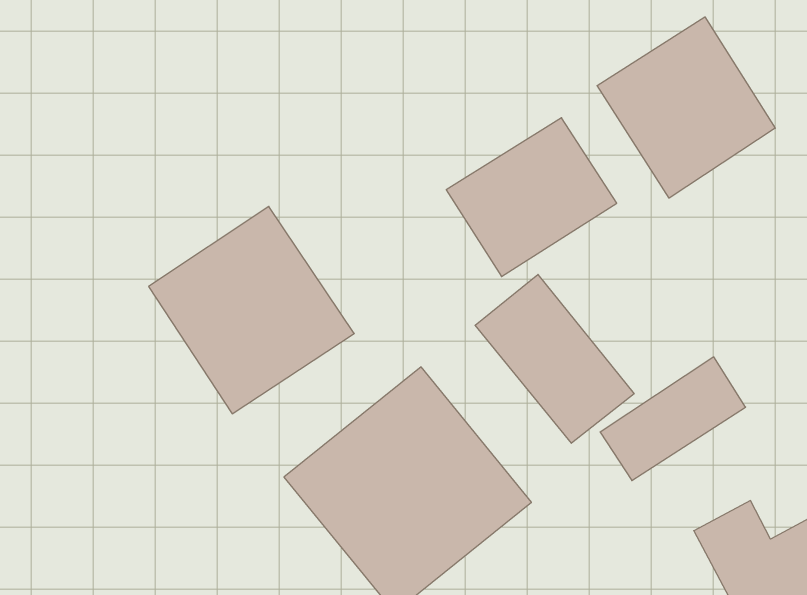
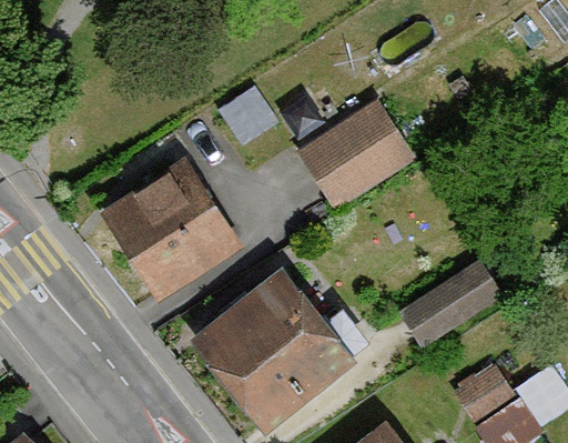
building: [597,17,775,198] -> none
building: [475,274,634,443] -> none

